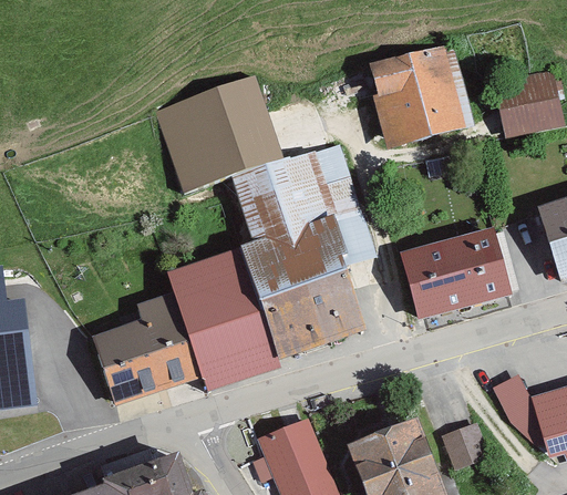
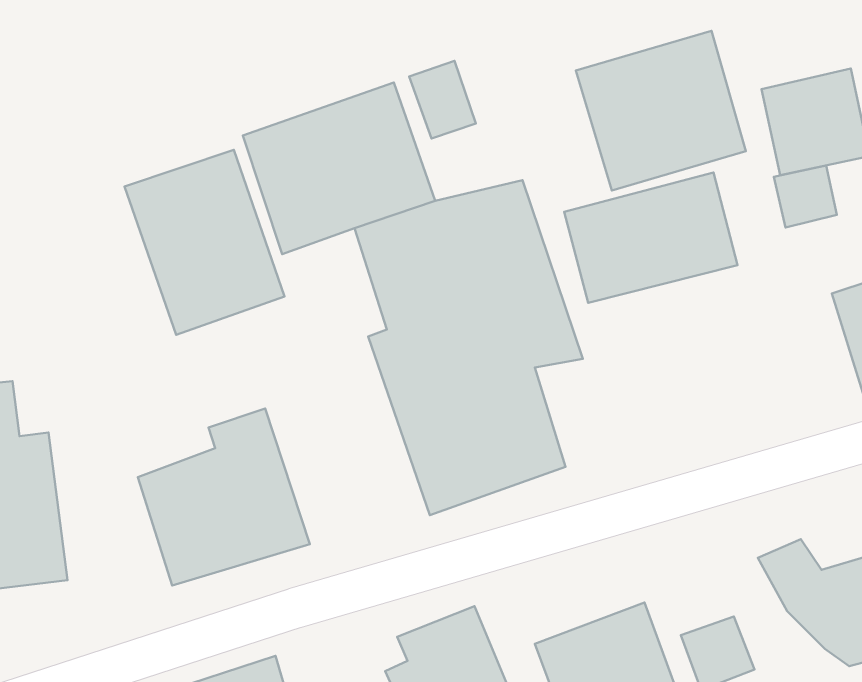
building: none -> [409,61,476,138]
building: none -> [125,150,285,335]
building: none -> [774,165,837,228]
building: [405,235,517,319] -> [564,172,738,303]
building: [166,245,280,391] -> none

